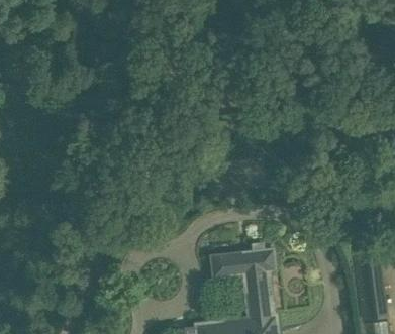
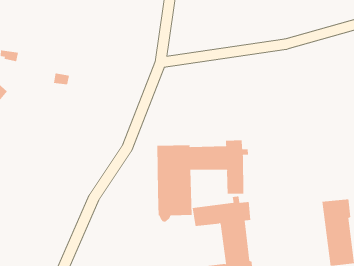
building: none -> [157,139,248,222]

